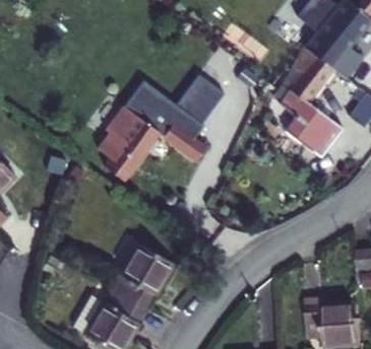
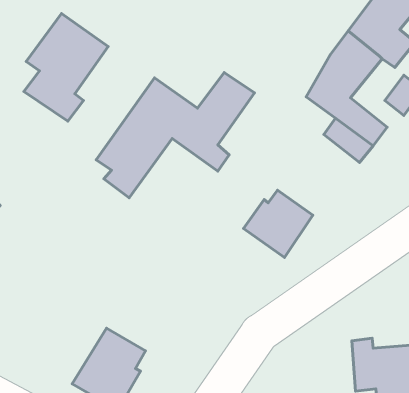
building: none -> [24,13,108,121]
building: none -> [244,190,313,257]
building: [109,240,171,303] -> none

